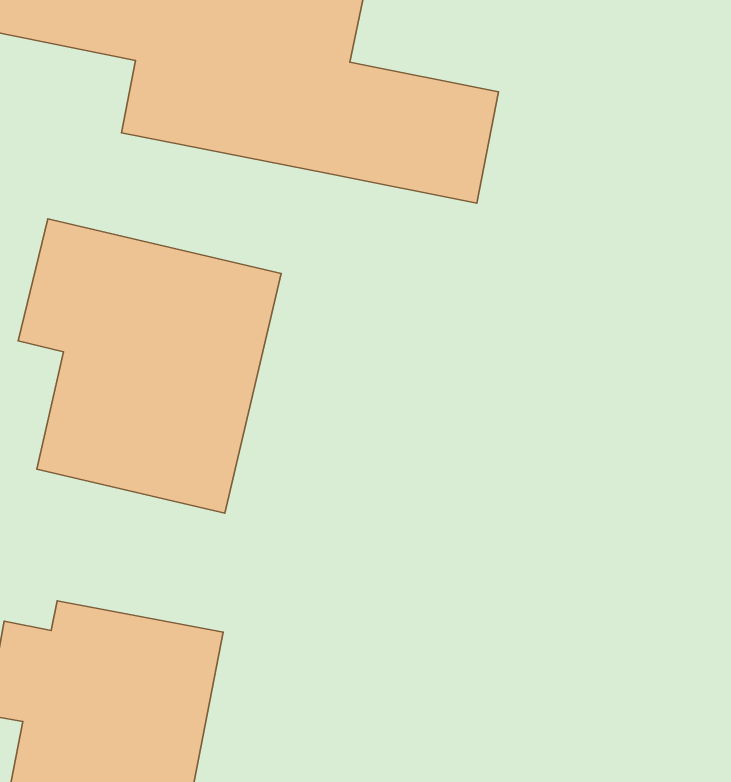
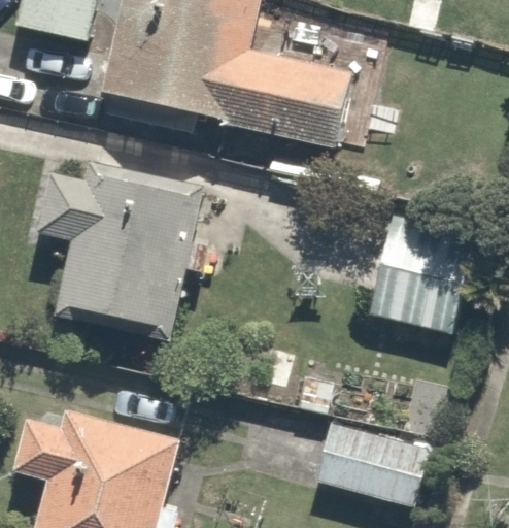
building: none -> [369,221,479,335]
building: none -> [316,424,440,508]

